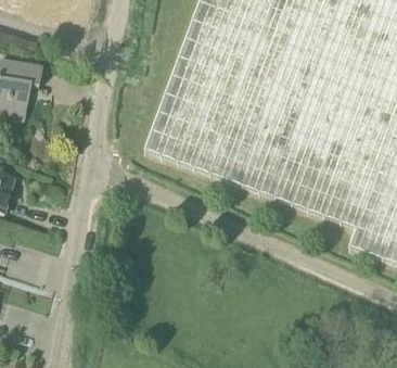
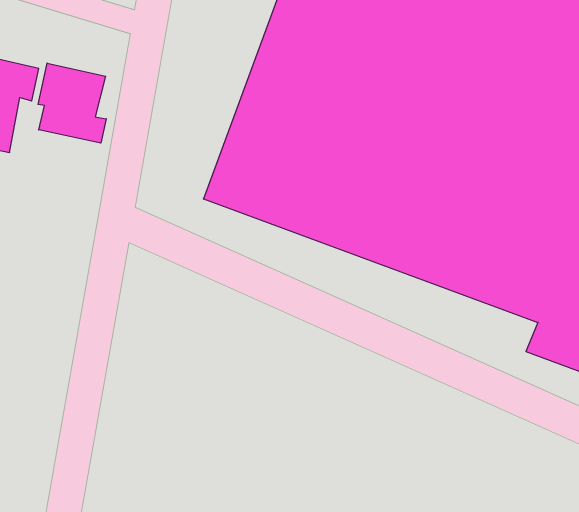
building: none -> [38,63,106,143]

